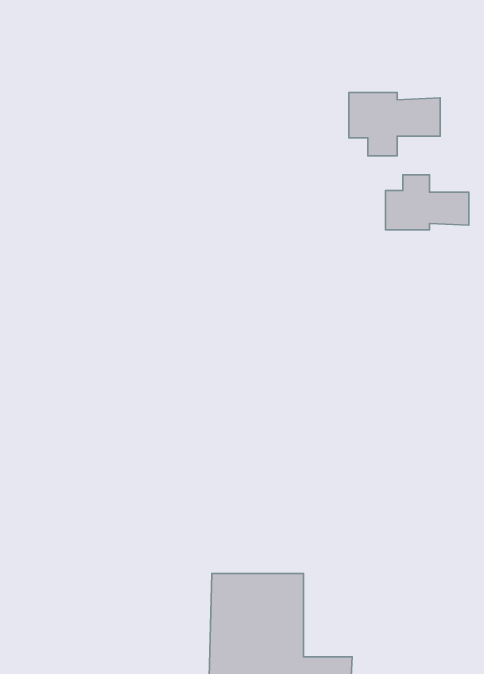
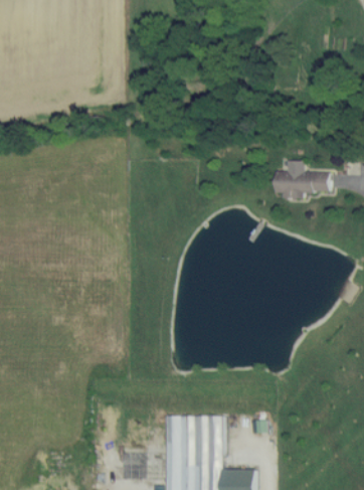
building: [349,93,440,156] -> none

